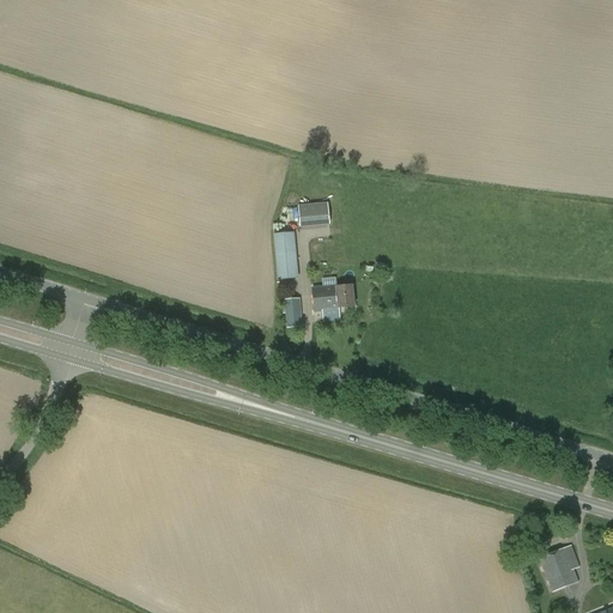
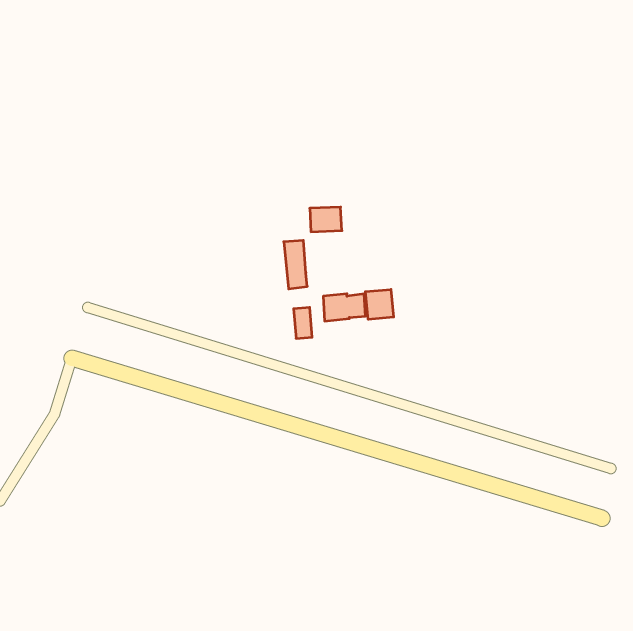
building: none -> [365,289,394,319]
building: [539,546,578,595] -> none

